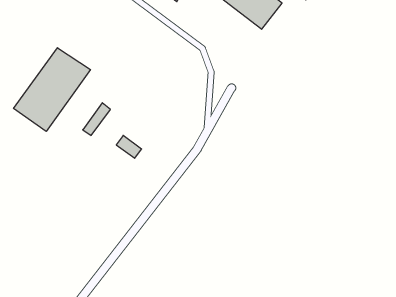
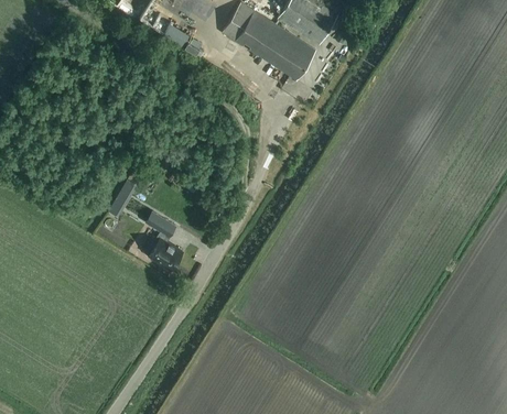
building: [14,48,90,131] -> none
building: none -> [147,235,184,271]

